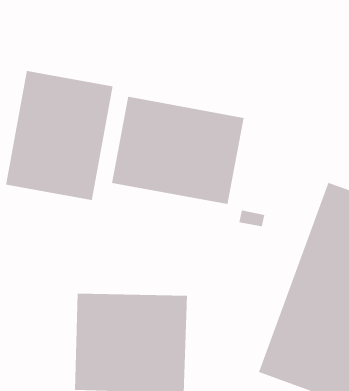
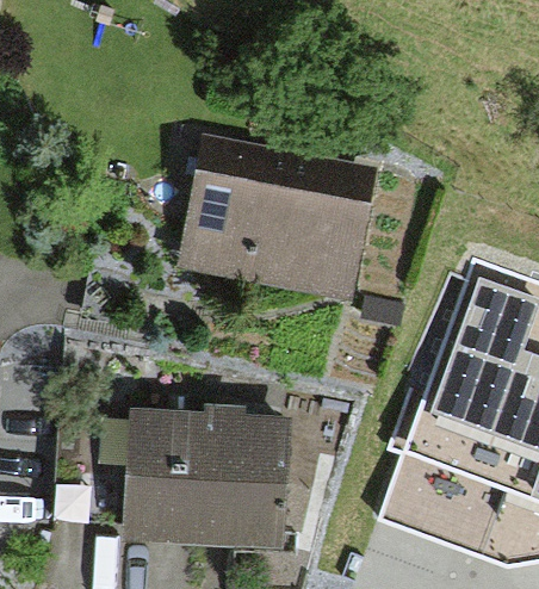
building: [5,70,113,201] -> none

